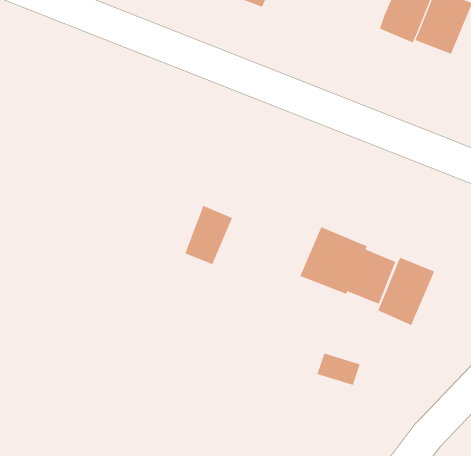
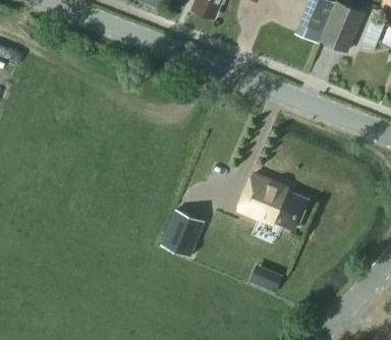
building: [184,205,233,265] -> [163,210,198,252]
building: [378,257,435,326] -> none

